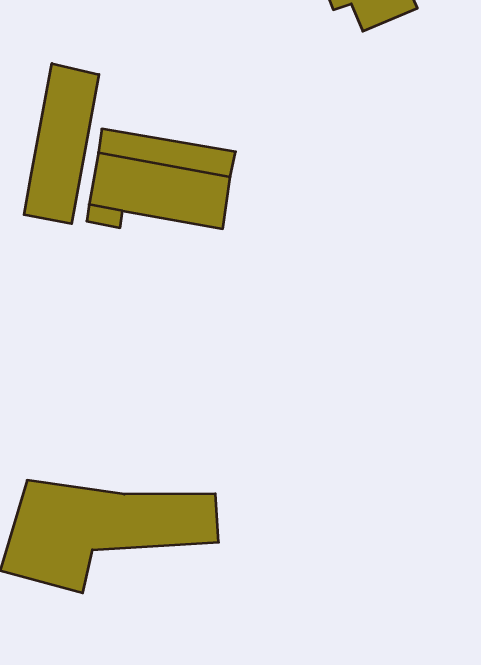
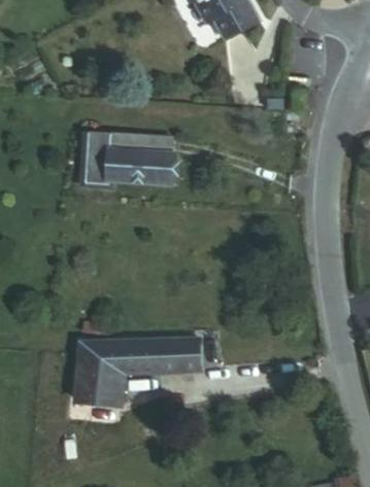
building: [24,63,99,224] -> none

